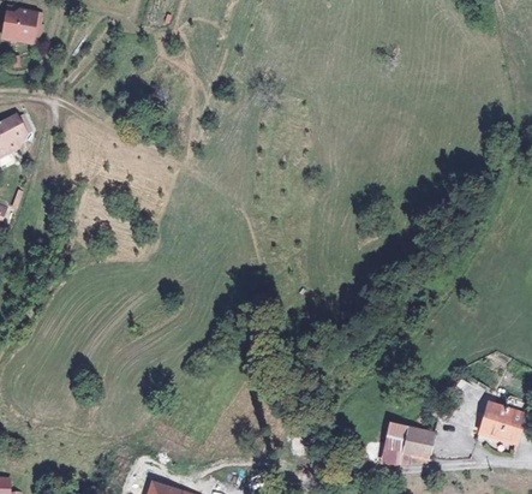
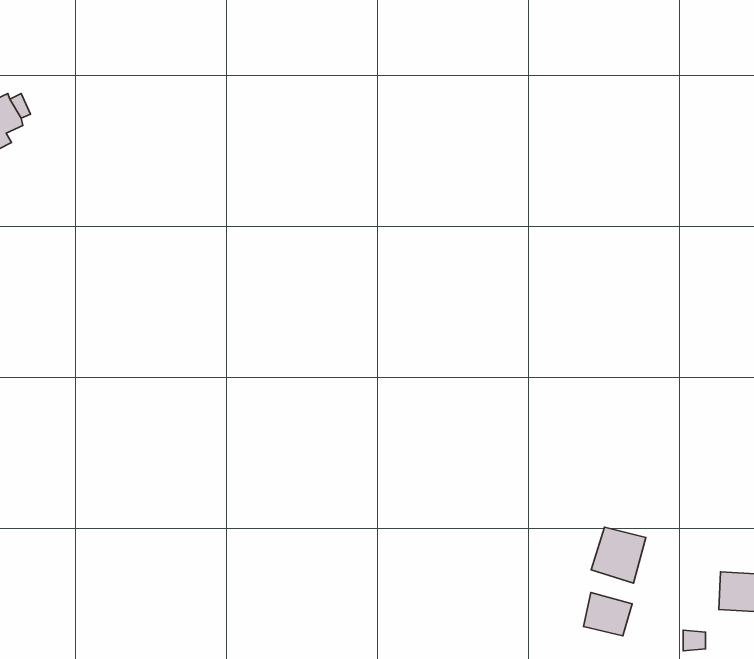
building: none -> [591,527,646,583]

